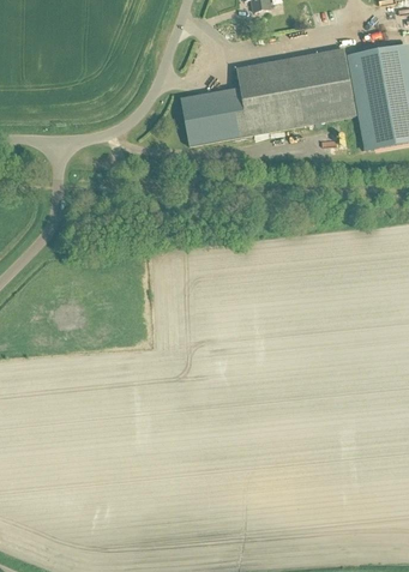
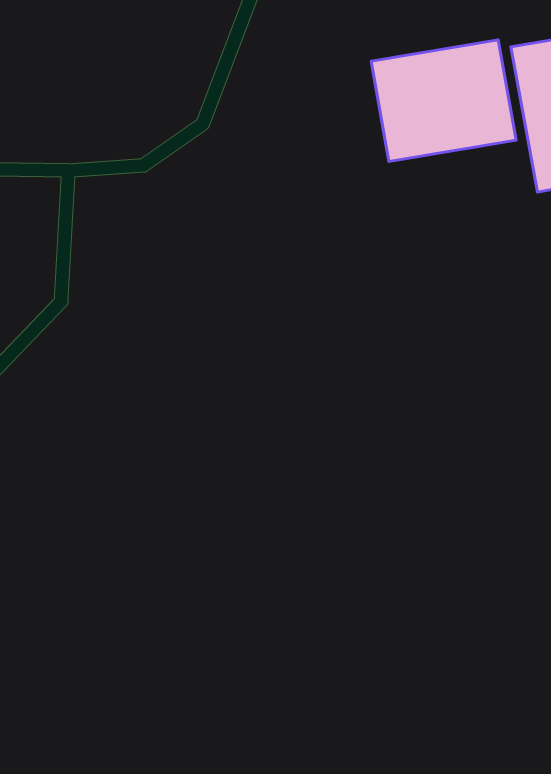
building: [181,62,271,145] -> none

